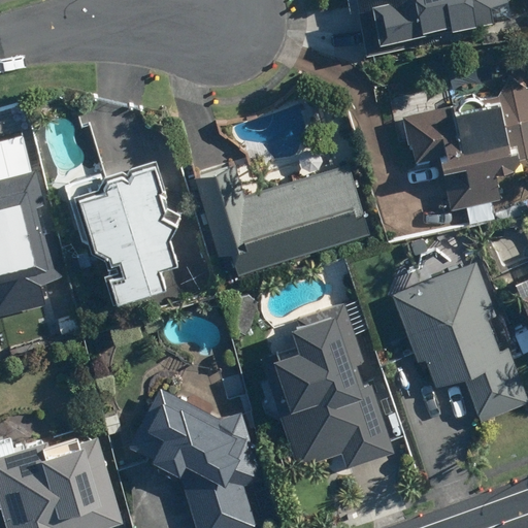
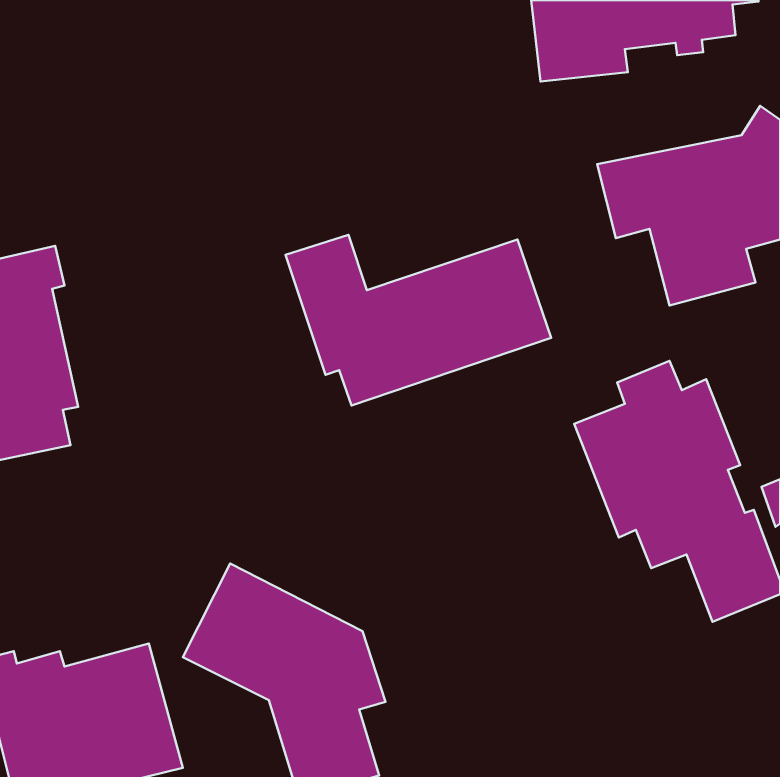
building: [77,163,182,300] -> none
building: [262,305,391,469] -> none

